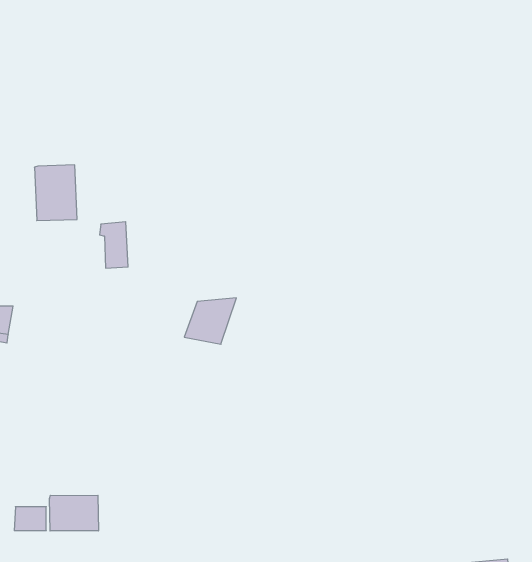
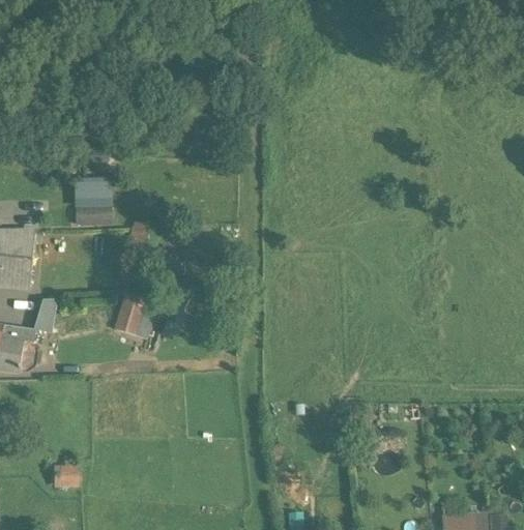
building: [184,298,236,344] -> [113,294,158,334]
building: [50,495,98,531] -> none

